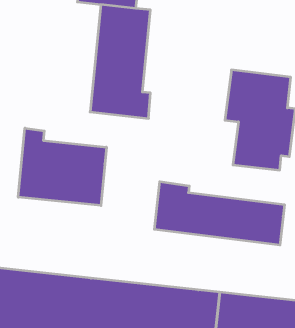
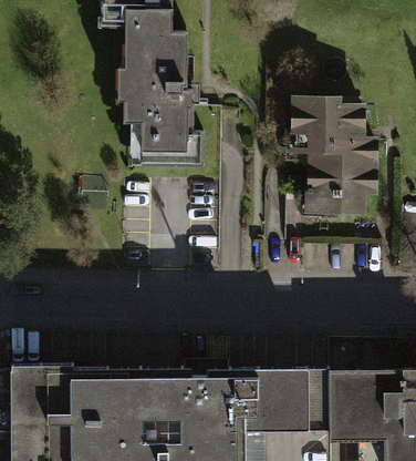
building: [18,128,106,206] -> none
building: [154,182,284,245] -> none

